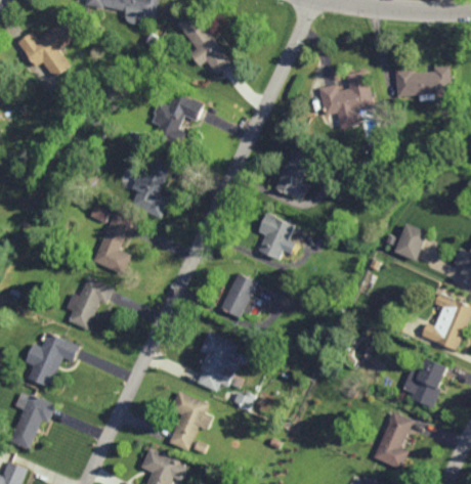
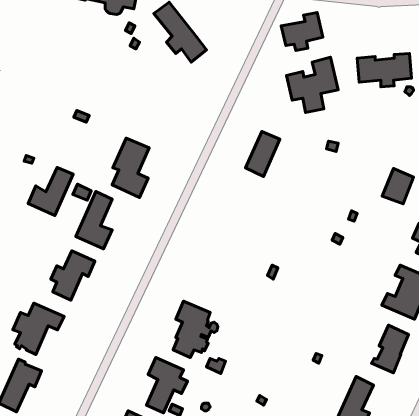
building: [18,18,76,78] -> none
building: none -> [281,12,323,51]
building: [152,91,202,148] -> none
building: none -> [28,167,73,215]
building: [258,213,294,260] -> none
building: [393,223,427,261] -> [382,169,414,204]
building: [220,273,257,318] -> none

